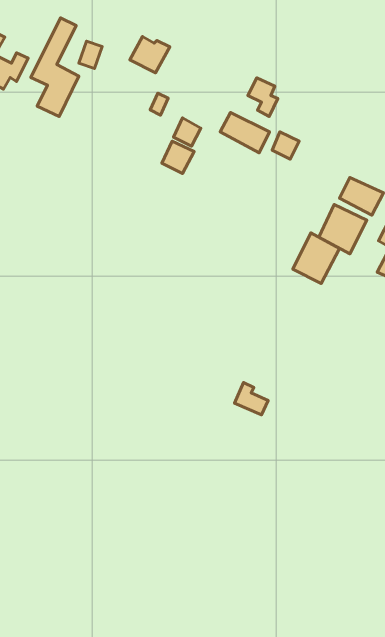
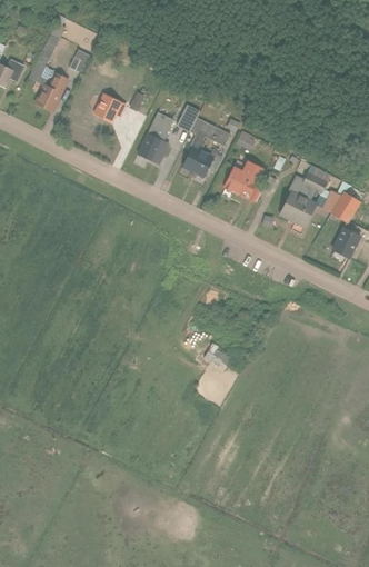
building: [130,37,170,73] -> [93,93,128,125]
building: [248,78,278,116] -> none
building: none -> [180,146,217,178]
building: [293,233,339,284] -> [221,156,261,199]

